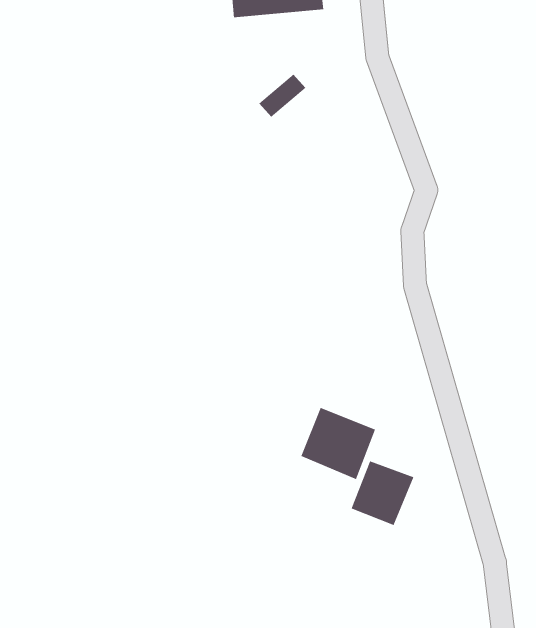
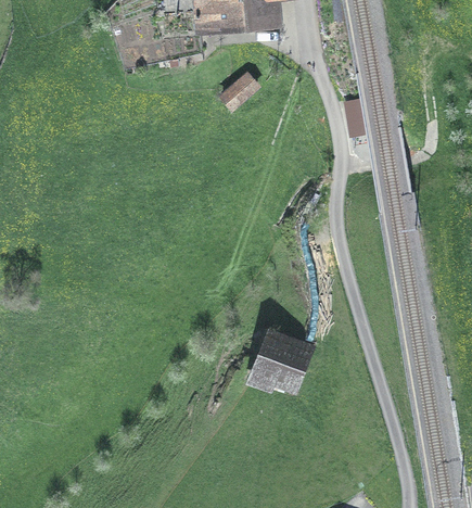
building: [351,461,414,526] -> none

